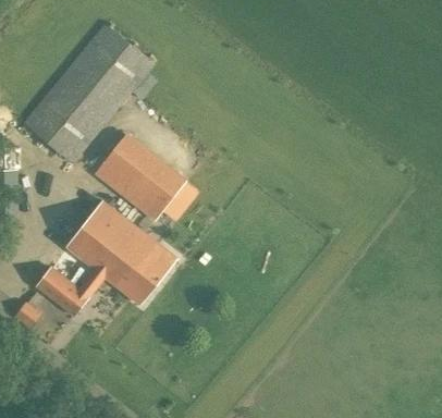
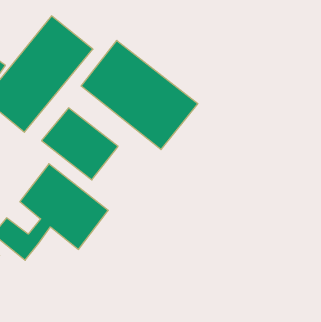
building: none -> [81,40,198,150]

